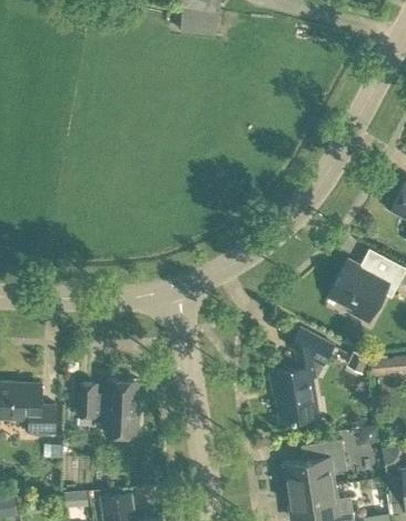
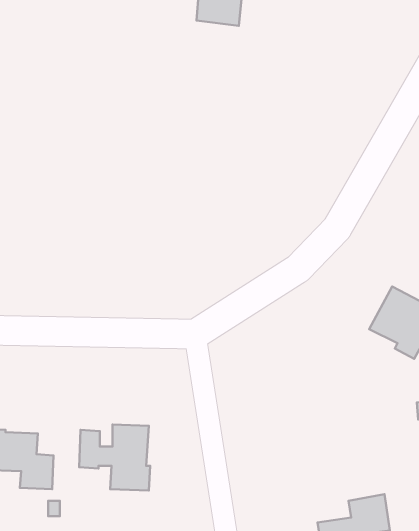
building: [270,328,334,422] -> none

